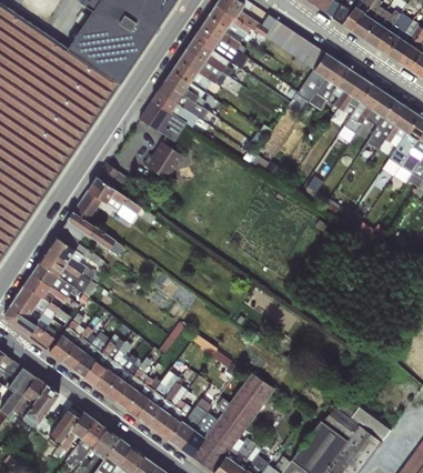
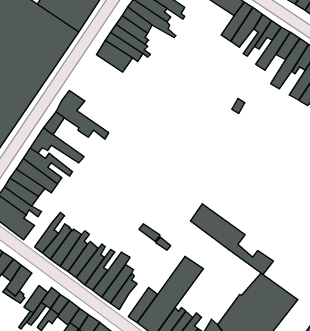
building: [141,143,181,181] -> none
building: none -> [191,204,273,275]
building: [48,313,83,361] -> none
building: [168,405,204,449] -> none

